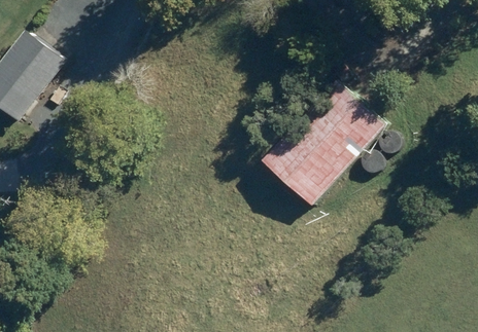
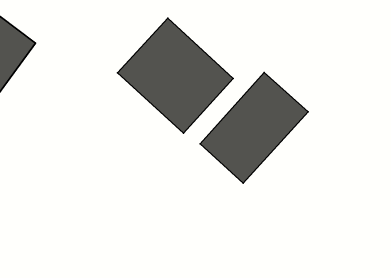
building: none -> [117,18,233,133]

